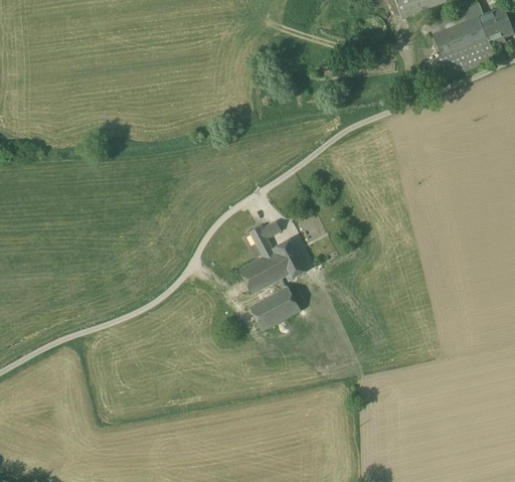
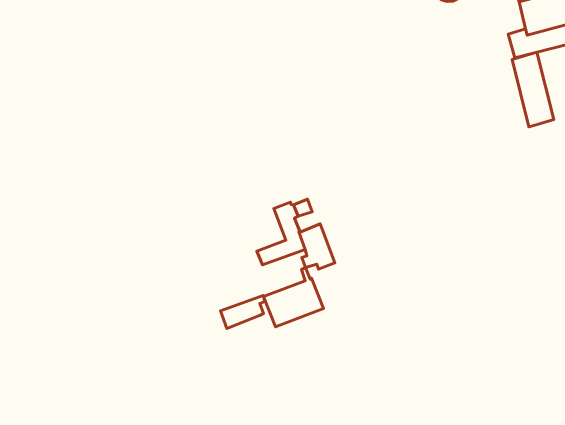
building: none -> [512,52,554,127]
building: [245,262,282,293] -> [220,295,265,328]

